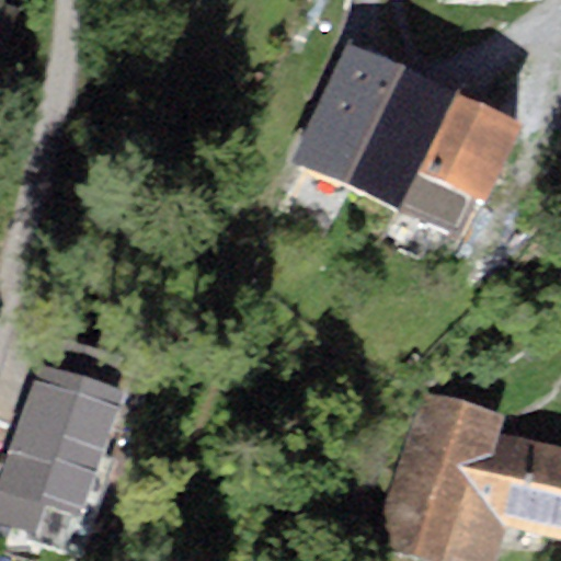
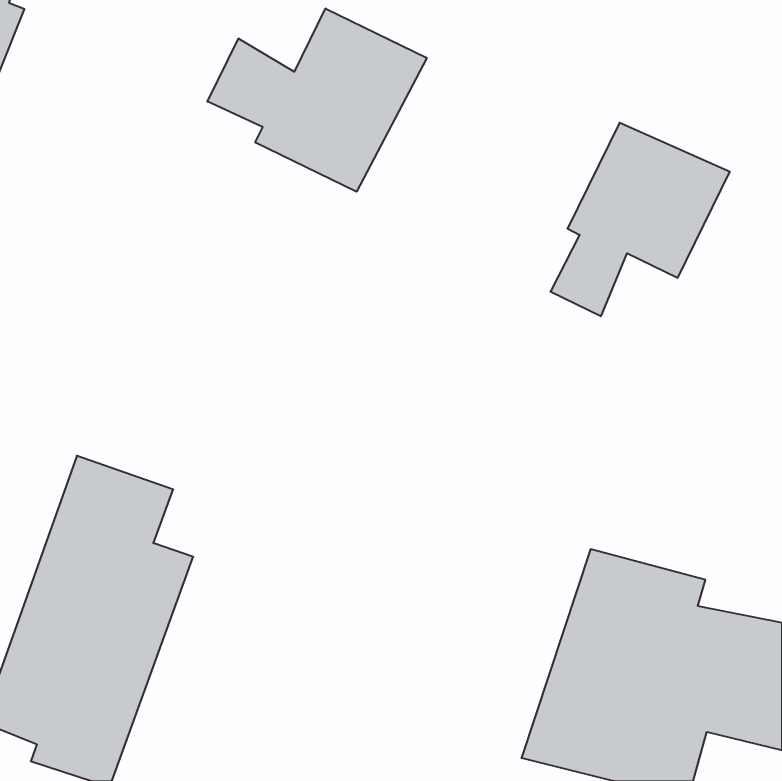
building: none -> [207,8,427,192]
building: [285,39,443,214] -> none

